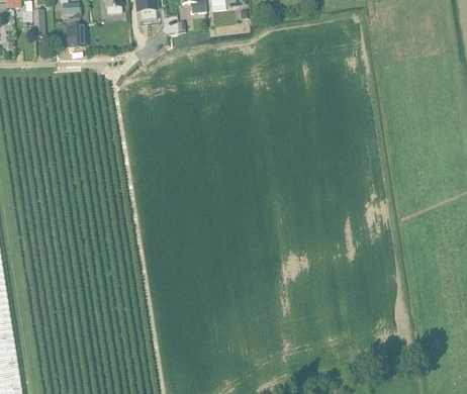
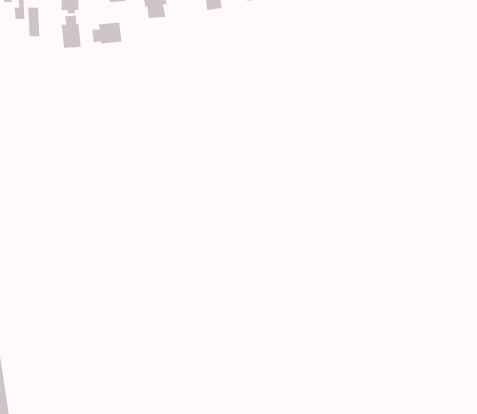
building: none -> [92,22,122,44]

